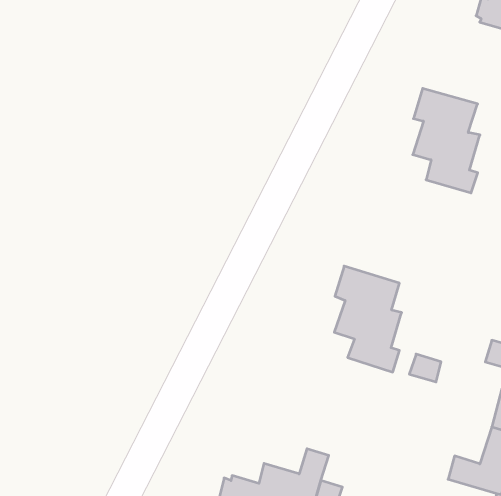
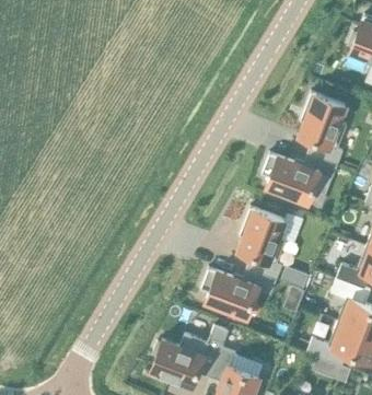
building: none -> [263,153,338,201]
building: none -> [201,268,277,316]

